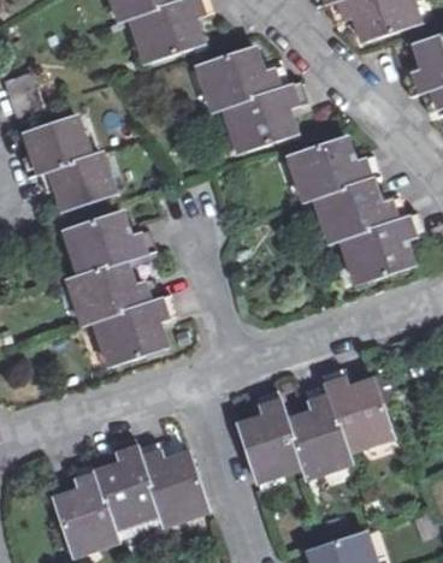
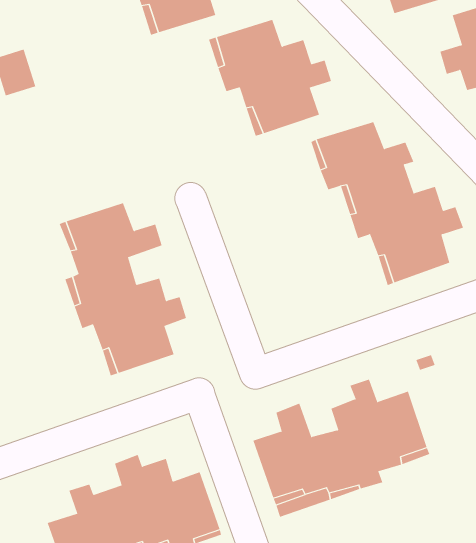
building: [22,115,114,211] -> none

